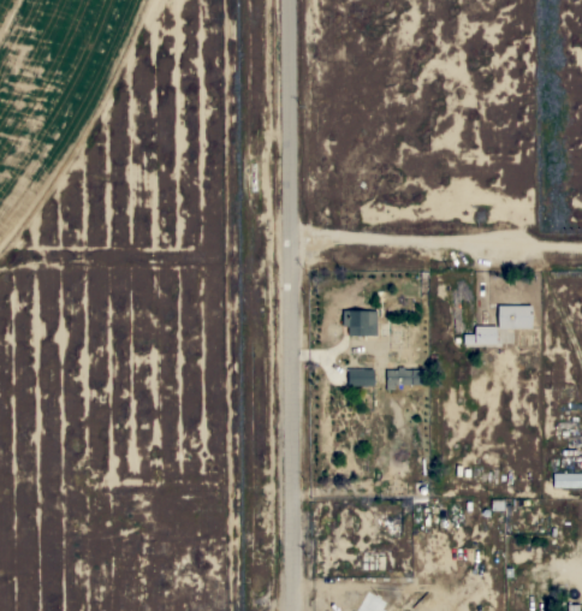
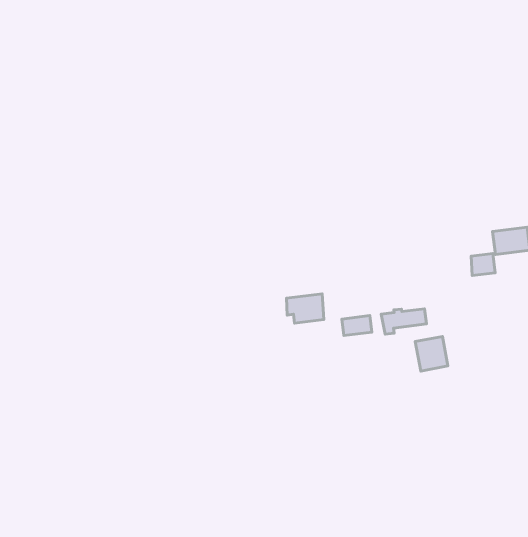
building: [344,312,379,336] -> [286,294,324,323]
building: none -> [415,336,448,371]

